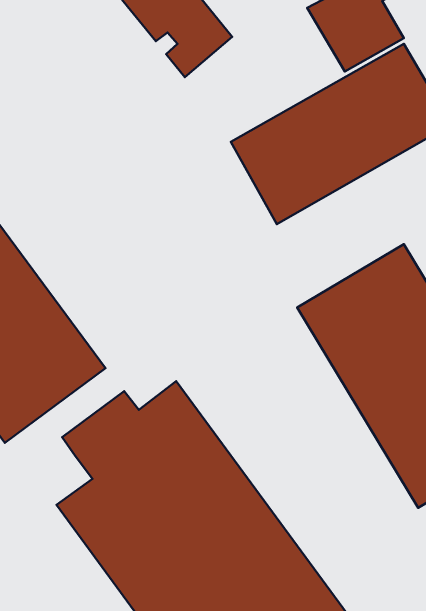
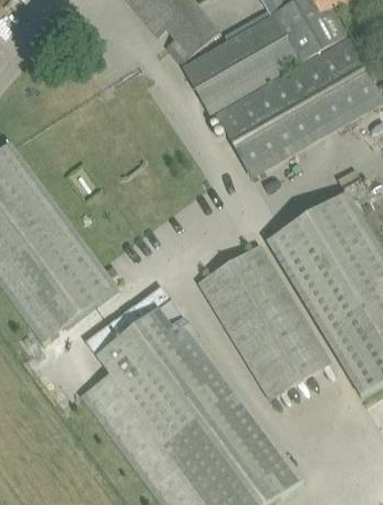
building: none -> [182,12,300,113]
building: none -> [197,244,332,399]

